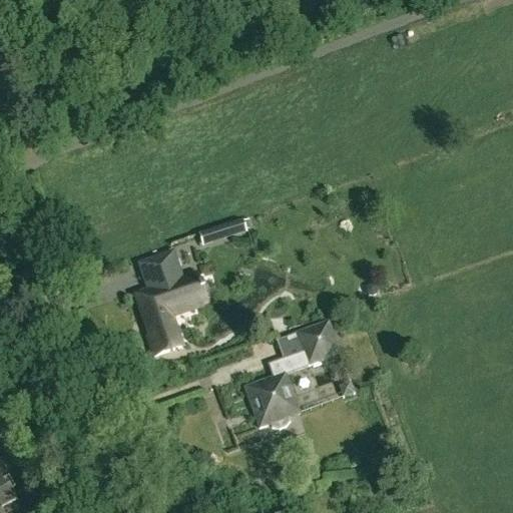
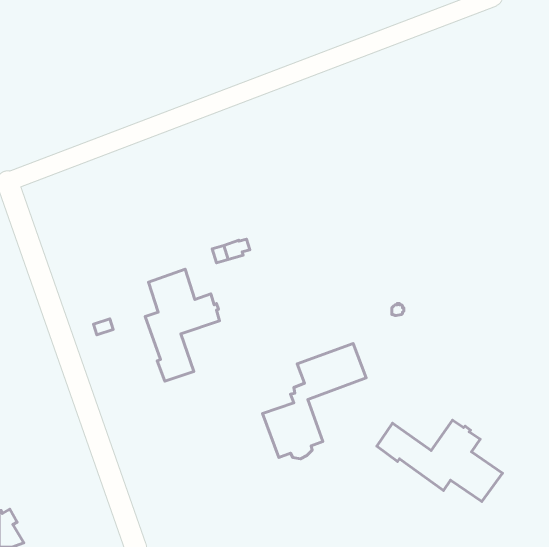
building: none -> [377,420,503,502]

